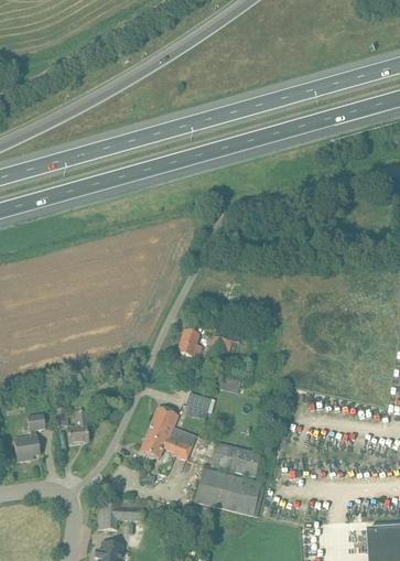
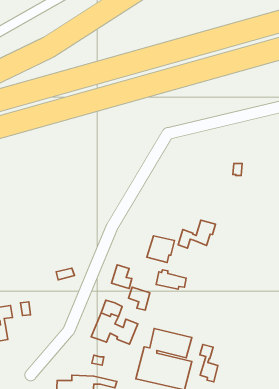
building: none -> [178,220,215,248]
building: [177,328,202,357] -> [112,265,132,289]
building: [67,410,88,444] -> none
building: none -> [200,344,218,382]

